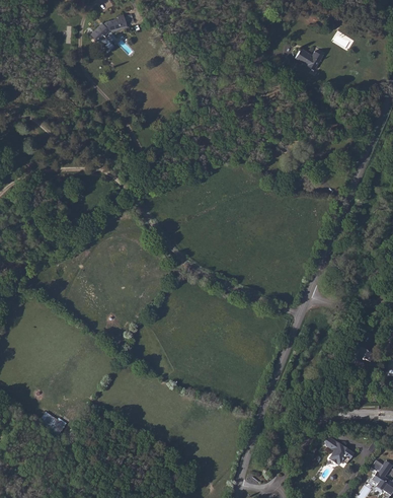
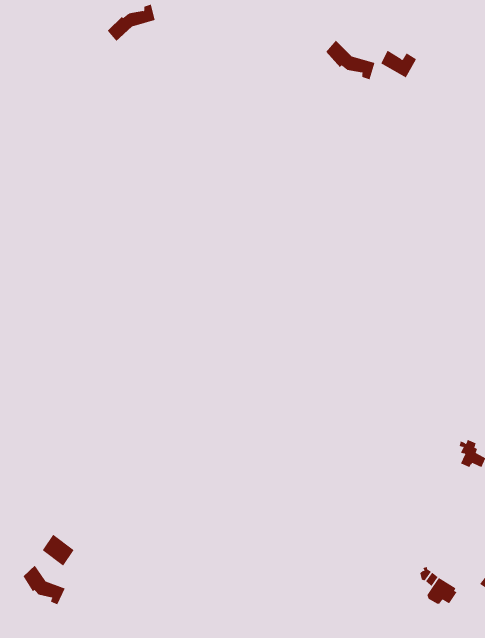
building: none -> [325,40,375,80]
building: none -> [23,565,66,605]

